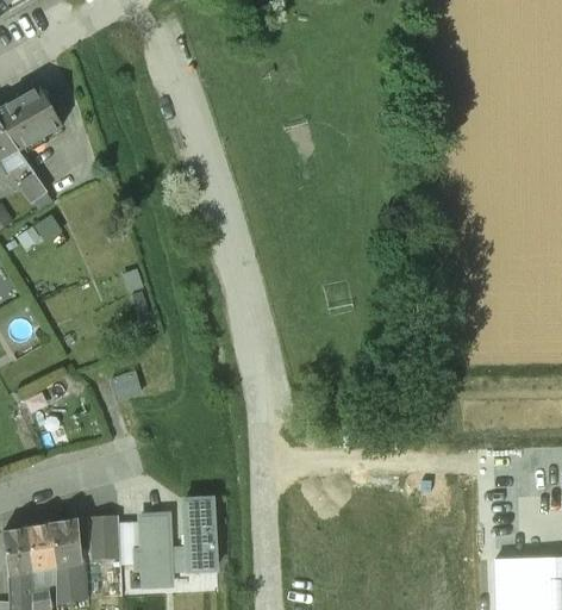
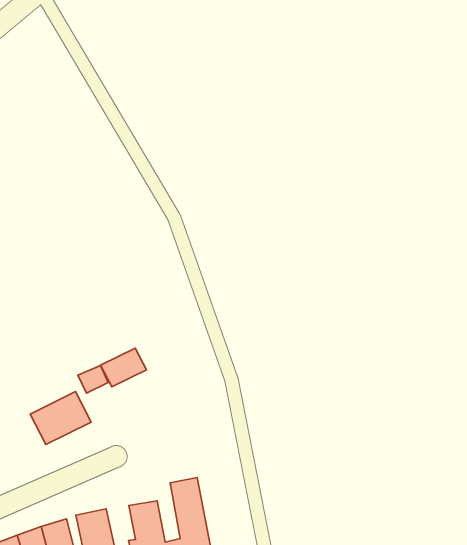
building: none -> [101,348,146,387]
building: none -> [30,392,91,445]

